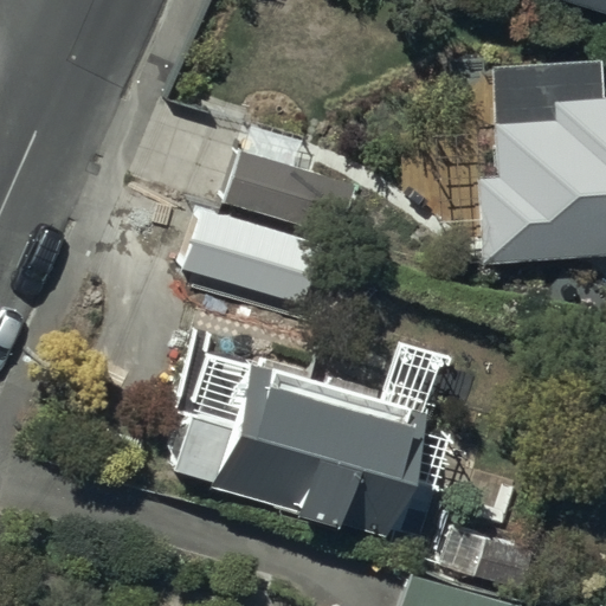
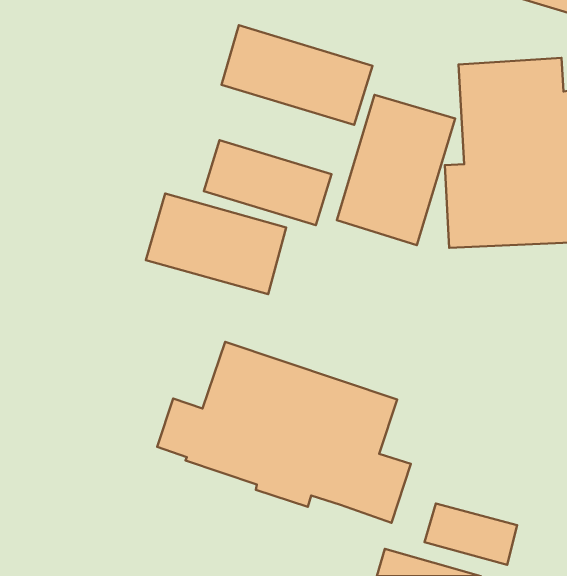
building: none -> [222,25,372,125]
building: none -> [337,95,455,245]

